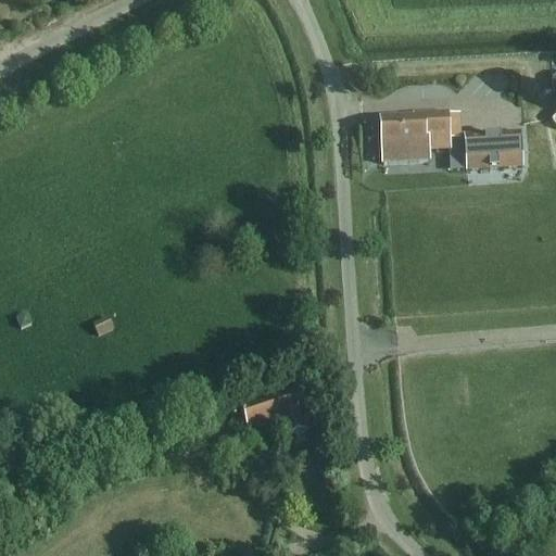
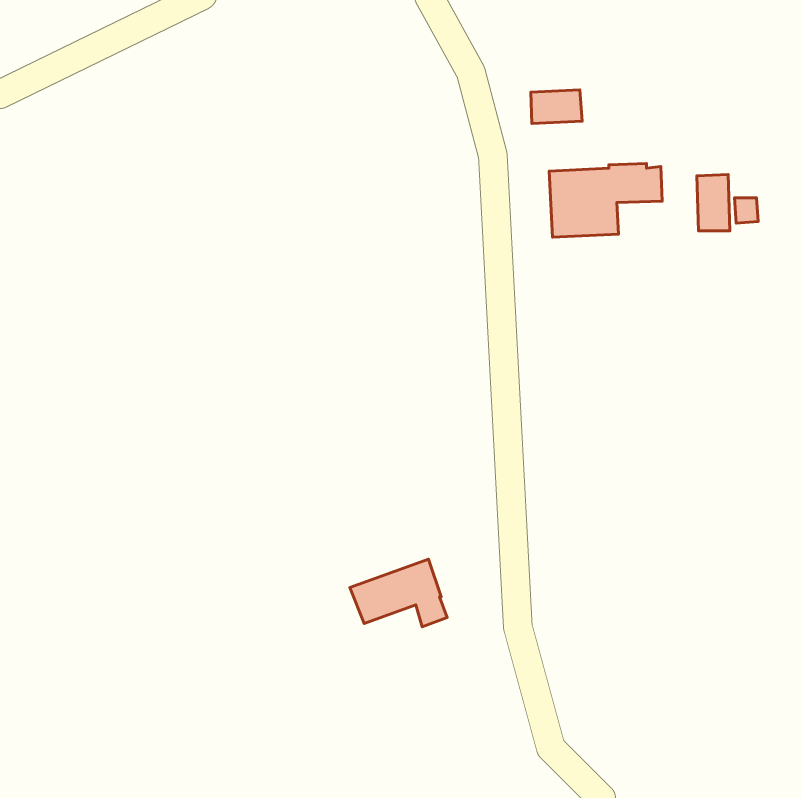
building: none -> [531,90,582,124]
building: [463,135,483,170] -> none

